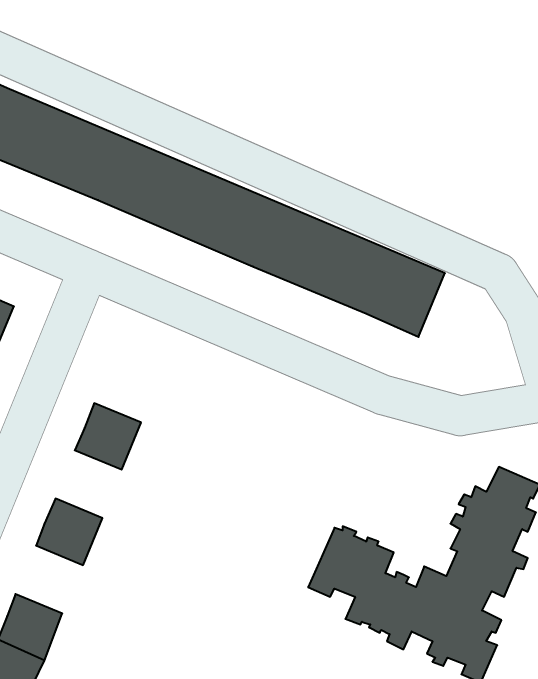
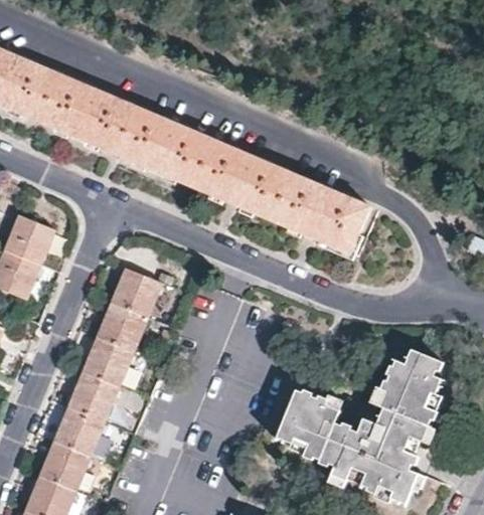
building: none -> [114,269,162,315]
building: none -> [86,335,134,384]
building: none -> [56,404,106,454]

